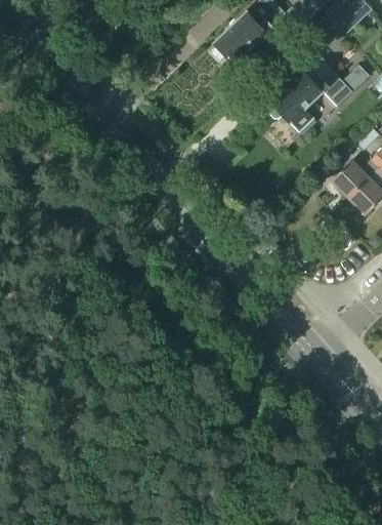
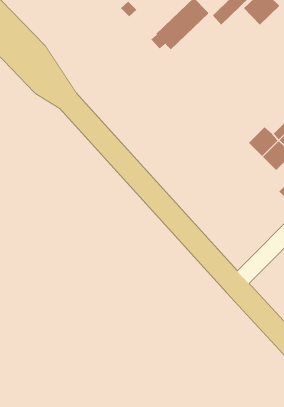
building: [269,63,371,130] -> none

